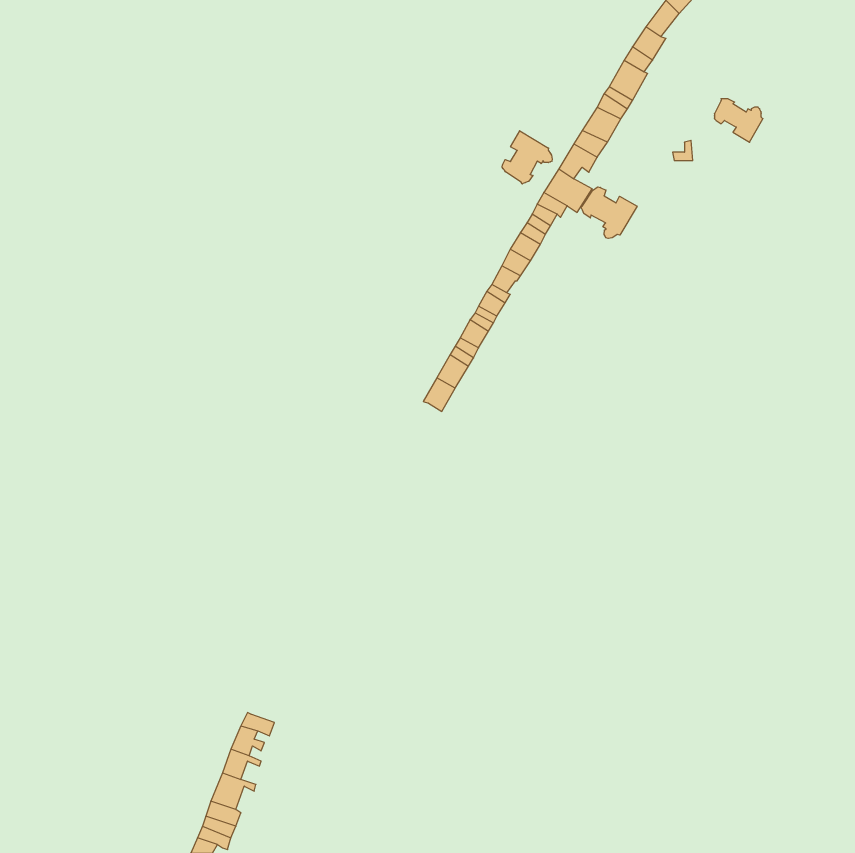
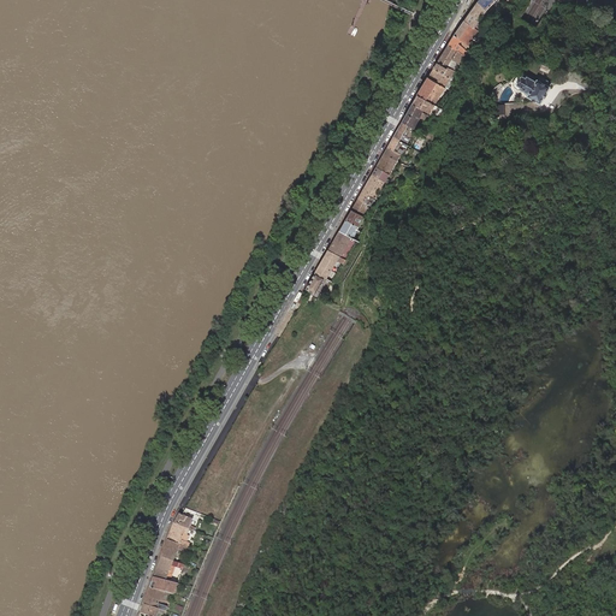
building: [502,131,552,184] -> none
building: [581,187,637,238] -> none

